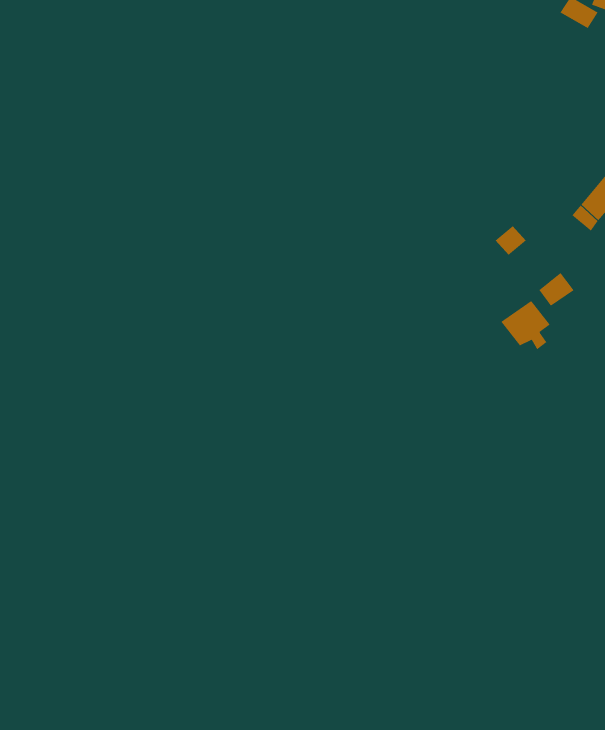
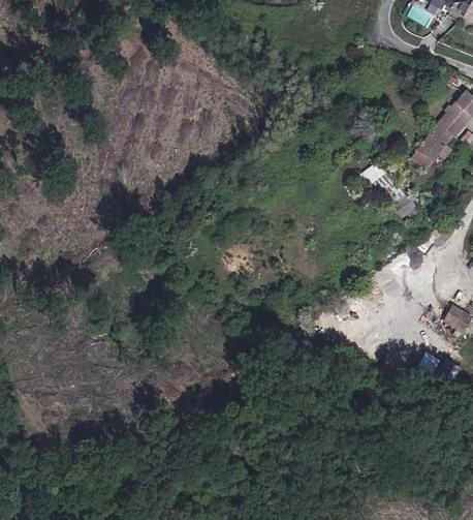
building: [501,300,550,350] -> none

